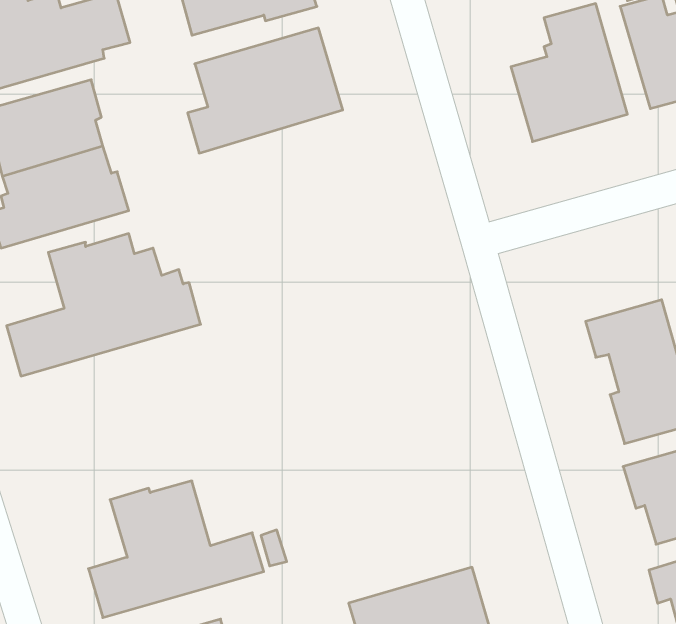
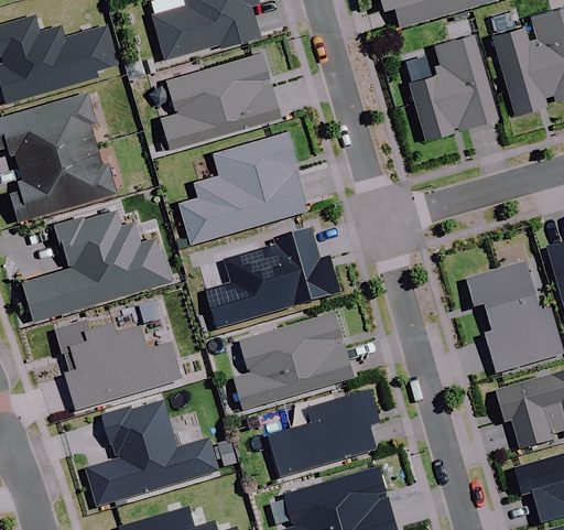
building: none -> [180,131,306,244]
building: none -> [207,229,341,329]
building: none -> [234,313,354,409]
building: none -> [58,323,183,412]
building: none -> [268,390,379,476]

